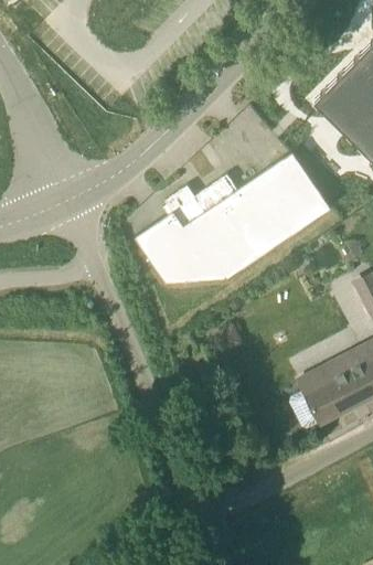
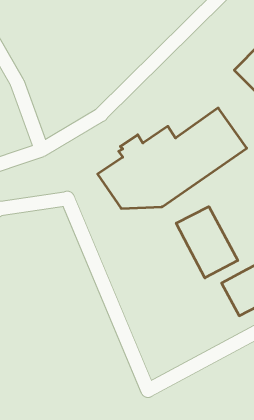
building: none -> [176,207,238,278]

